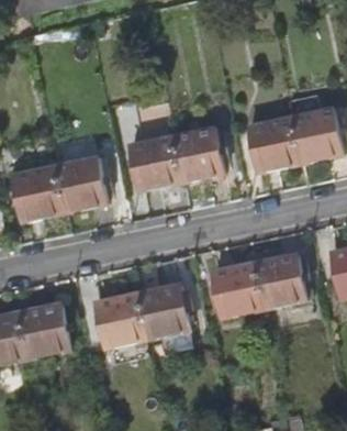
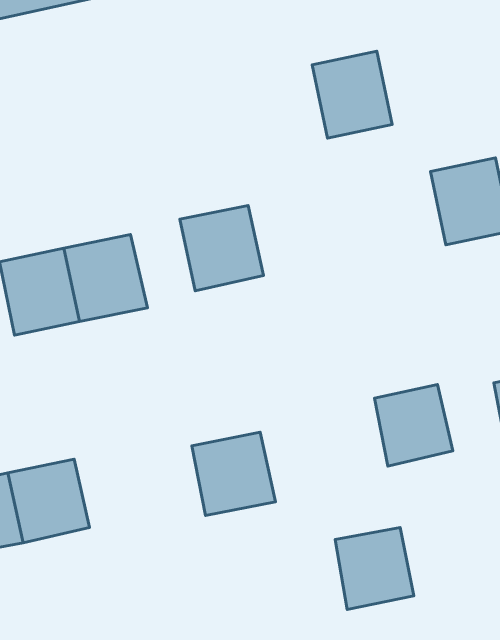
building: [247,117,299,173] -> [312,51,392,138]
building: [171,130,223,184] -> none
building: [211,263,261,316] -> [335,528,414,609]
building: [96,294,144,347] -> none

